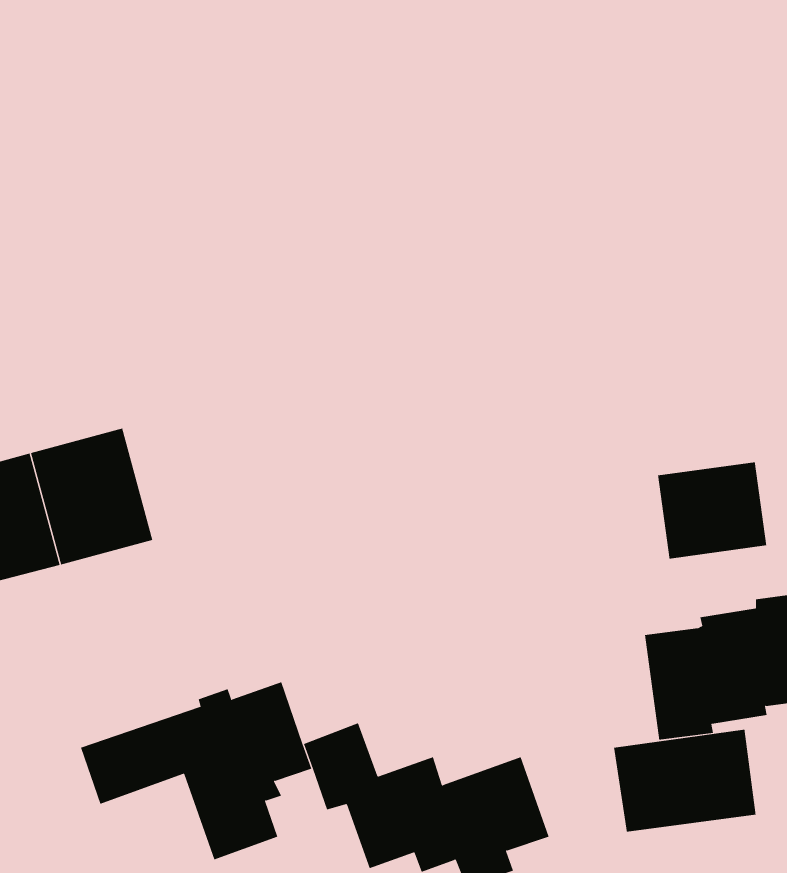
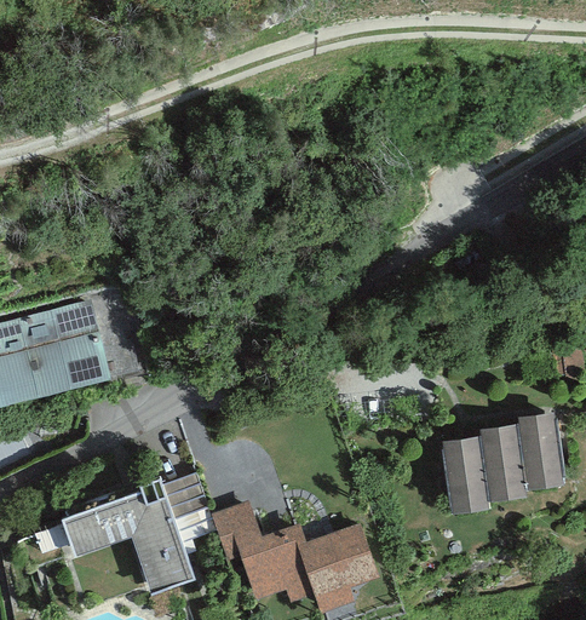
building: [658,461,767,559] -> none
building: [613,729,756,832] -> none

